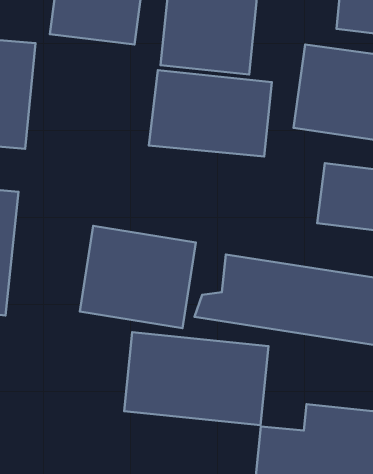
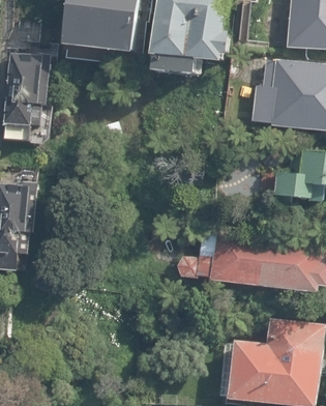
building: [149,70,272,156] -> none
building: [80,226,196,328] -> none
building: [124,332,268,425] -> none

